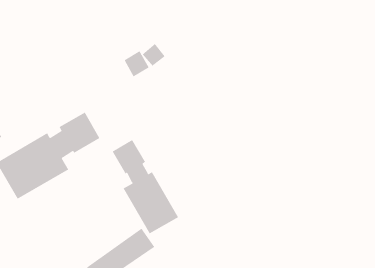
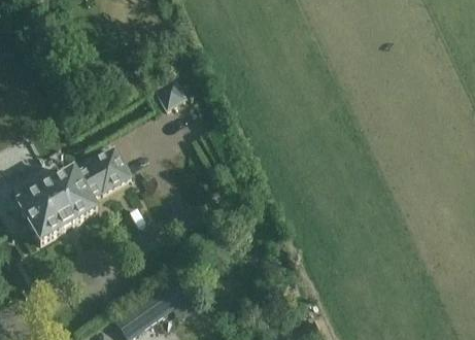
building: [112,139,179,234] -> none

